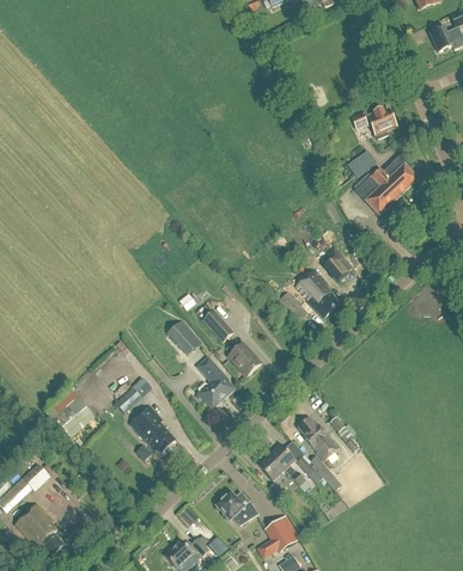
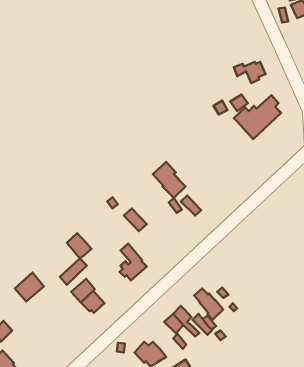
building: [319,245,353,281] -> none
building: [294,268,339,317] -> [153,162,185,198]
building: [169,319,202,354] -> [67,233,91,259]
building: [227,344,261,377] -> none

